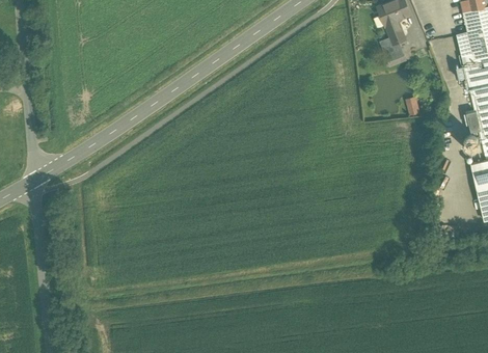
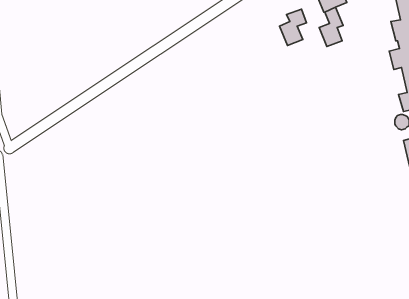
building: none -> [279,9,306,45]

